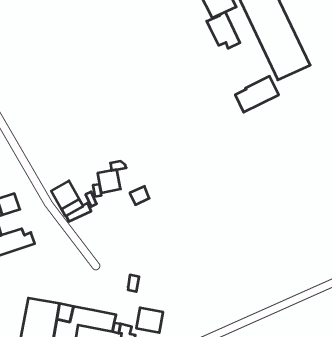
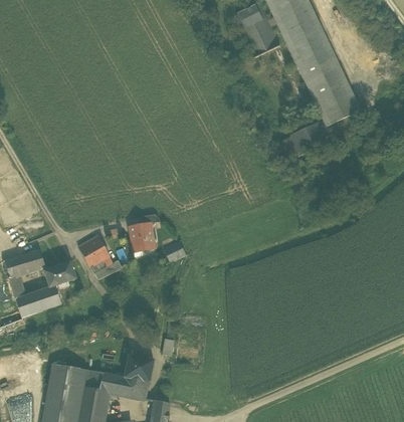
building: [207,12,240,48] -> none
building: none -> [43,260,75,294]
building: [136,308,163,333] -> [124,354,153,381]

